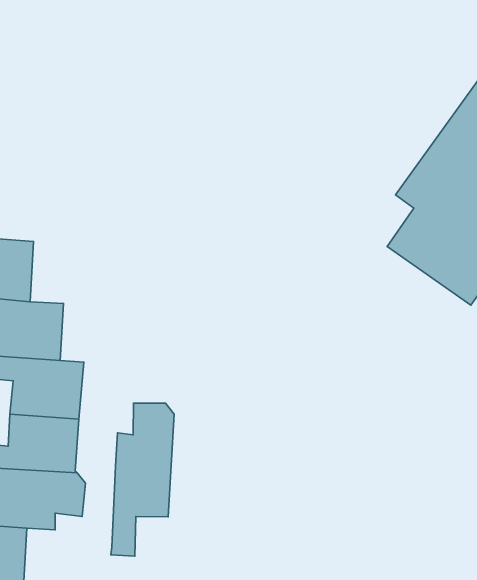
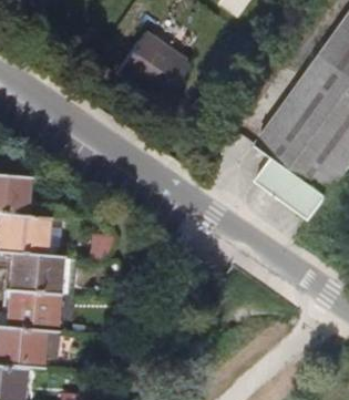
building: none -> [119,32,193,105]
building: [111,403,174,556] -> none

